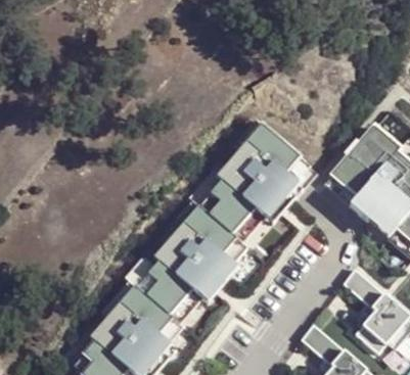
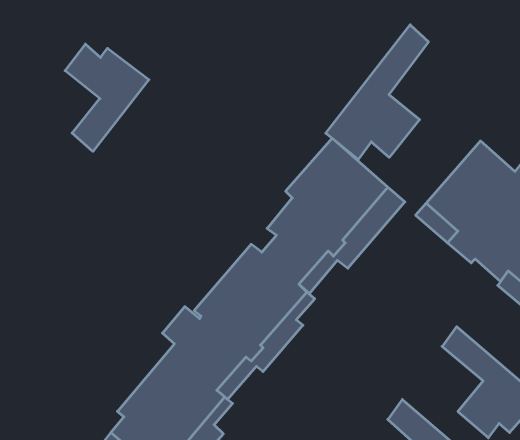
building: none -> [326,25,428,159]
building: none -> [65,44,149,151]

